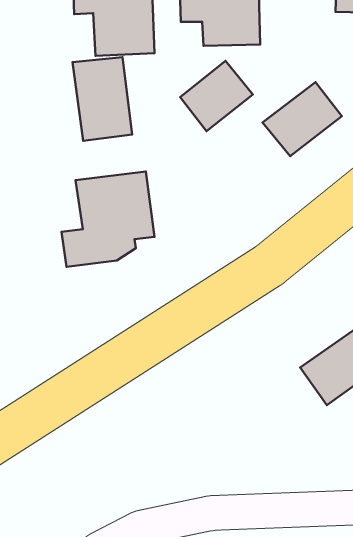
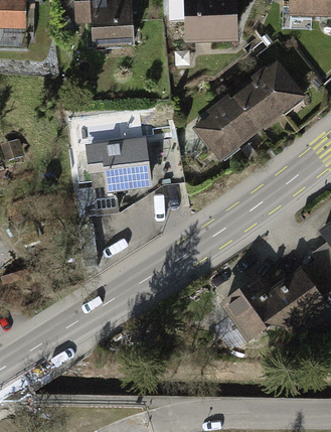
building: [72,57,132,141] -> none
building: [180,61,253,131] -> [200,99,259,155]
building: none -> [223,278,283,339]

